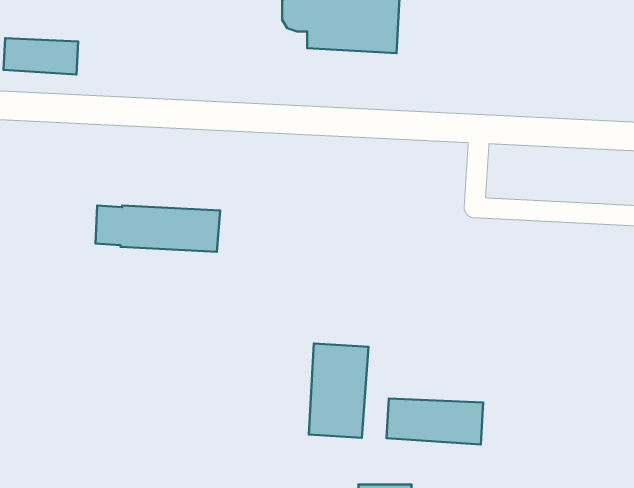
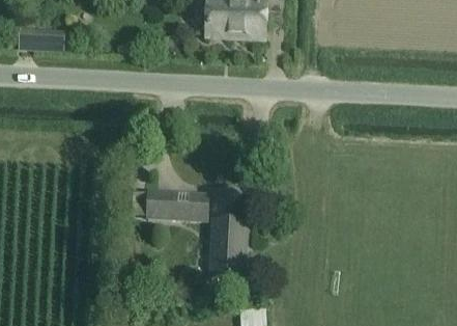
building: [96,205,220,252] -> [132,190,209,219]
building: [386,399,483,444] -> none

